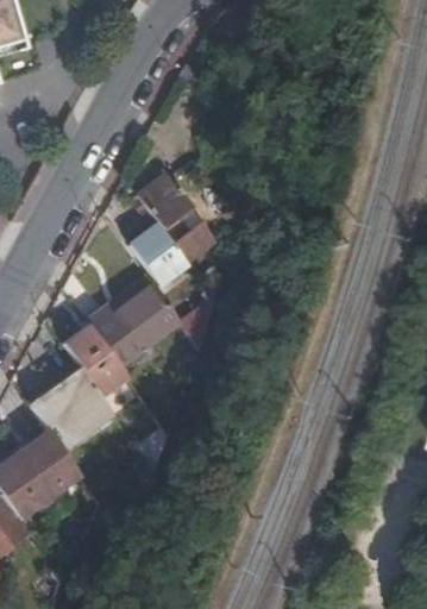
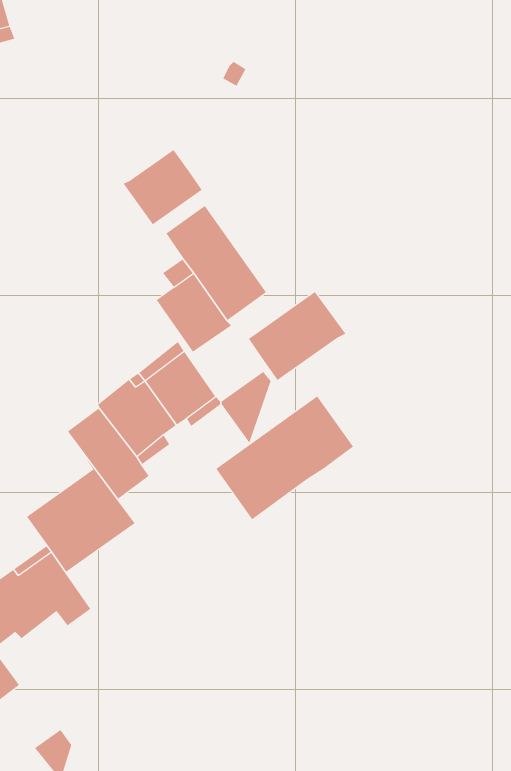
building: none -> [123,149,202,225]
building: none -> [248,291,346,381]
building: none -> [215,395,354,520]

